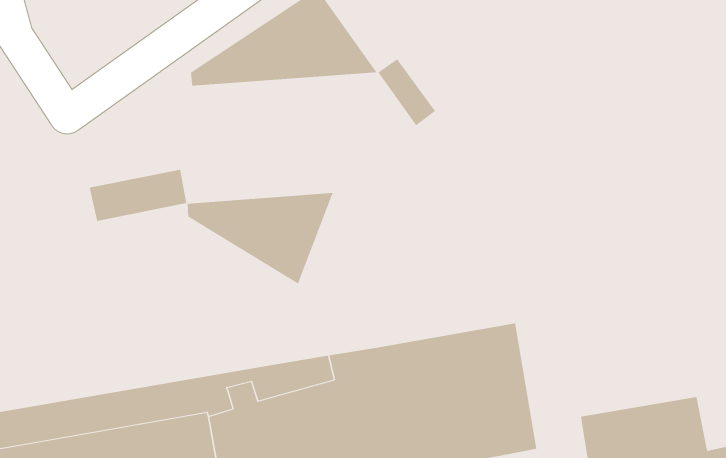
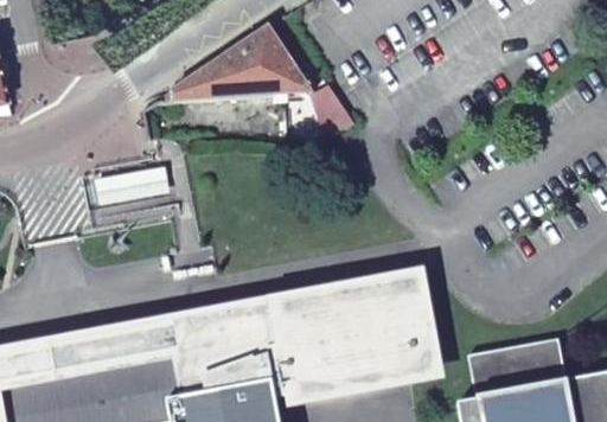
building: [187,192,334,285] -> none

